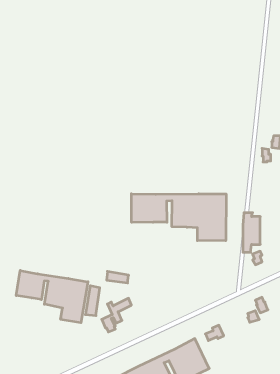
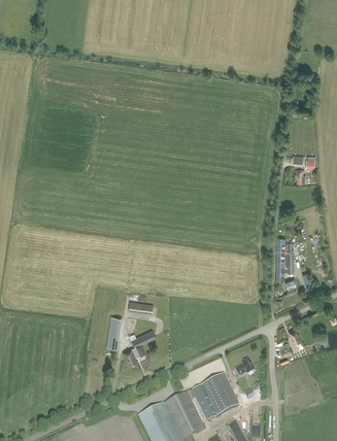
building: [131,194,226,241] -> none
building: [16,270,88,323] -> none

